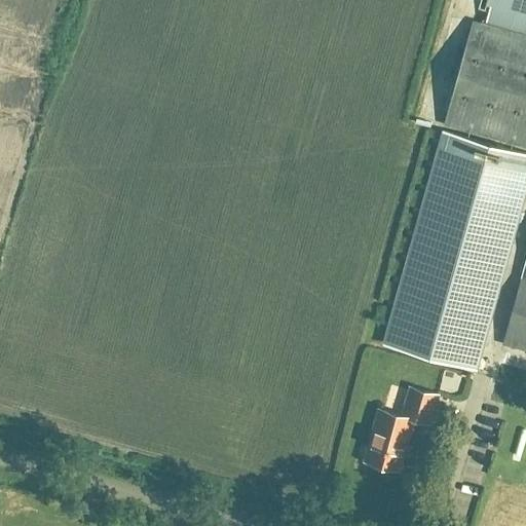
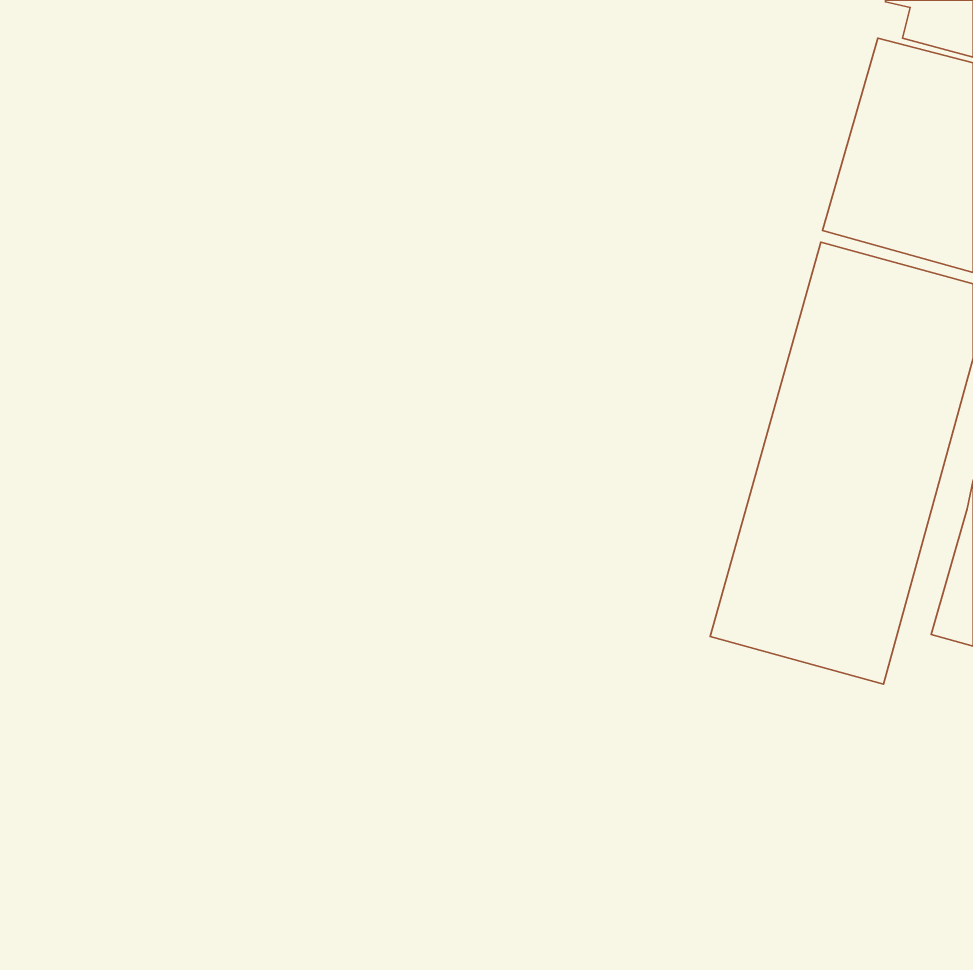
building: [367,389,434,473] -> none

